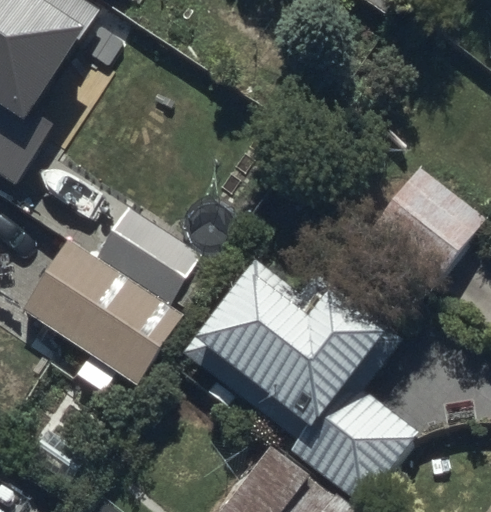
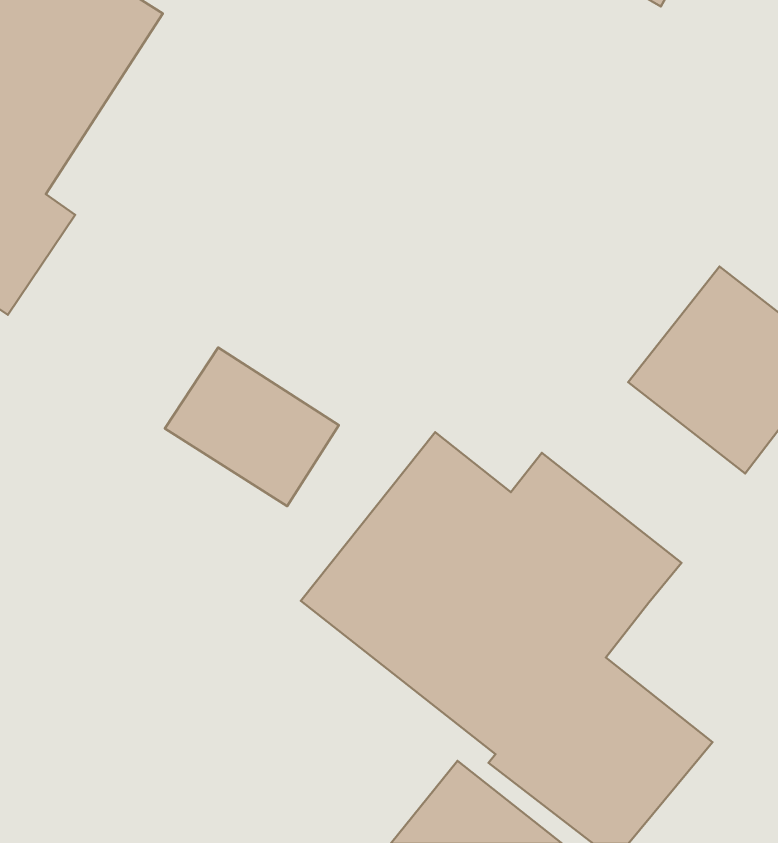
building: [18,239,179,387] -> none

